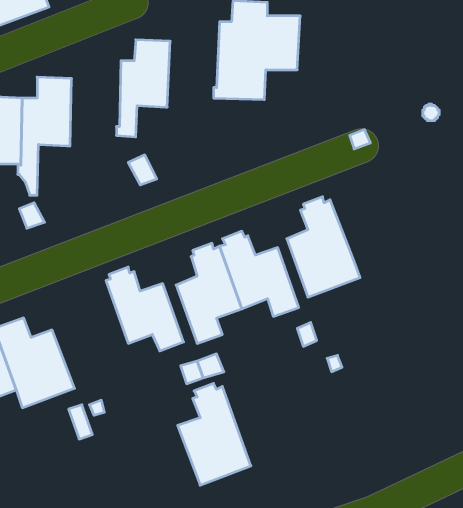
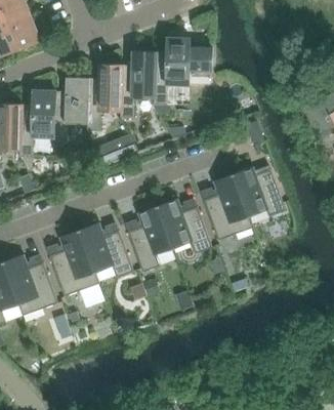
building: none -> [120,50,157,117]
building: none -> [52,77,89,144]
building: none -> [233,166,284,215]
building: [178,383,251,485] -> [48,227,98,296]

